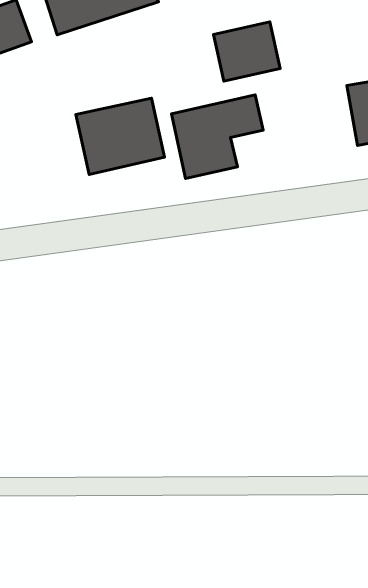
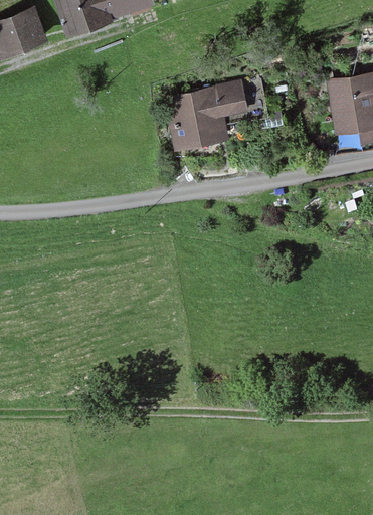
building: [213,22,280,81] -> none
building: [76,98,165,175] -> none

